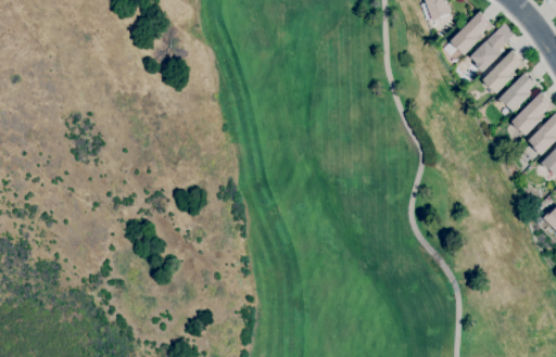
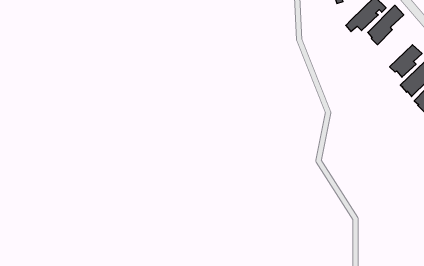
building: [481,50,526,93] -> none

